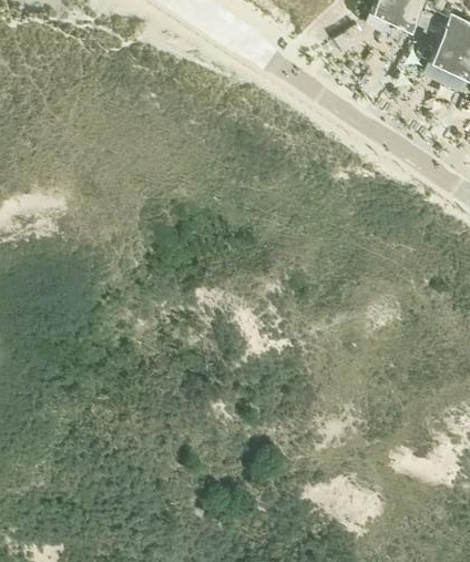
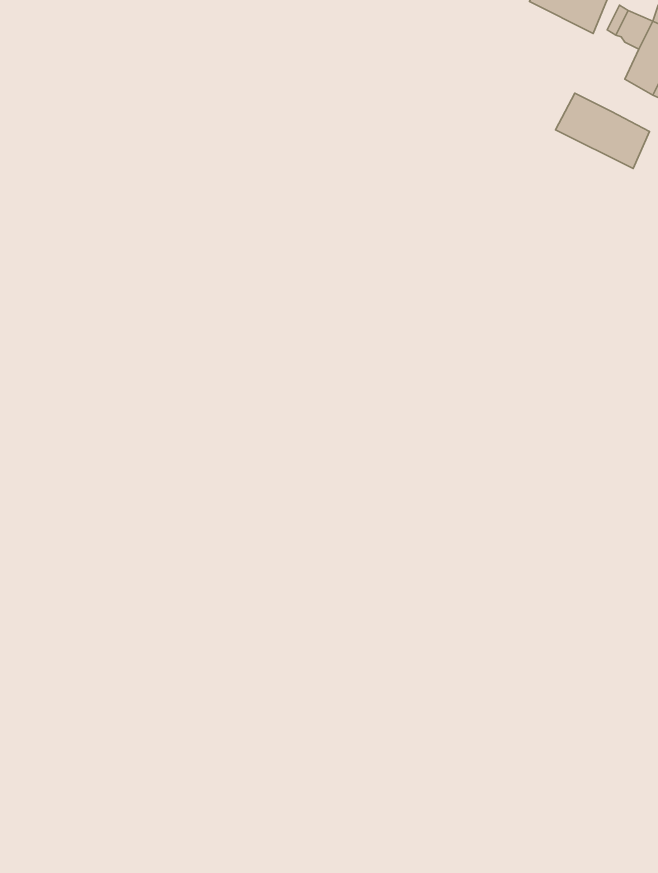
building: none -> [556,93,649,169]

